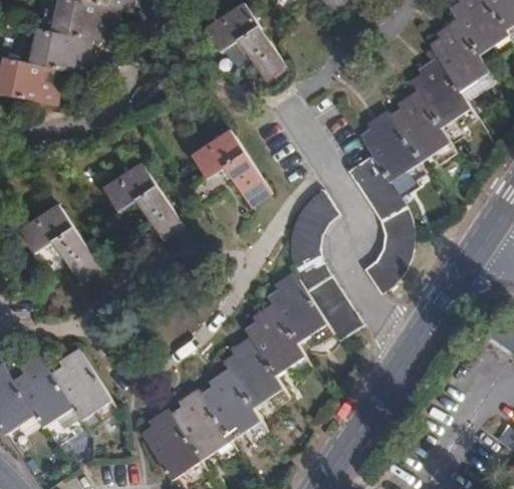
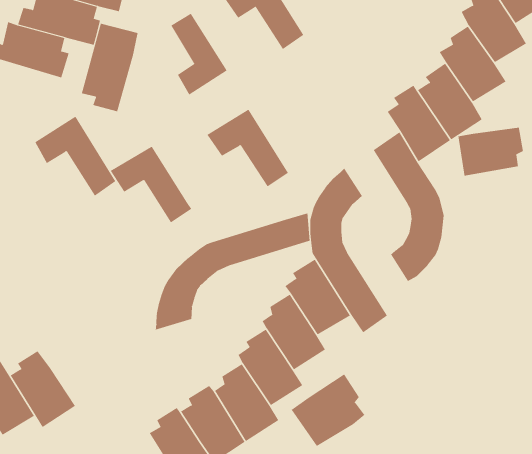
building: none -> [170,13,227,96]
building: none -> [81,23,138,112]
building: none -> [458,127,523,176]
building: [23,207,98,281] -> [35,116,116,196]
building: none -> [155,213,310,330]
building: [50,348,111,419] -> none
building: none -> [291,373,365,447]

